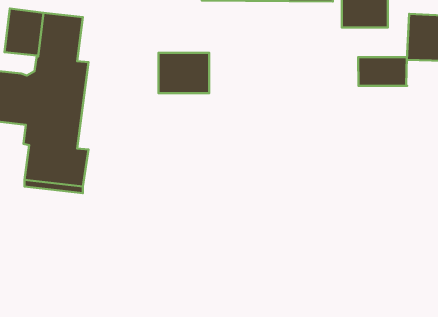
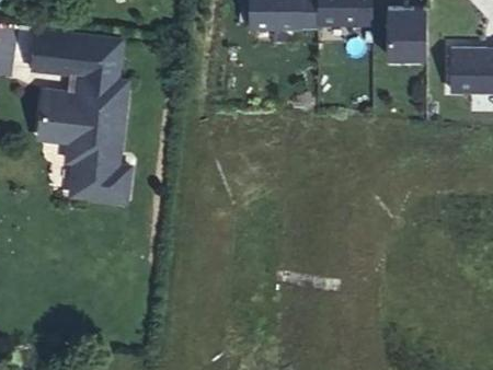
building: [158,53,209,93] -> none
building: [358,57,407,86] -> none

